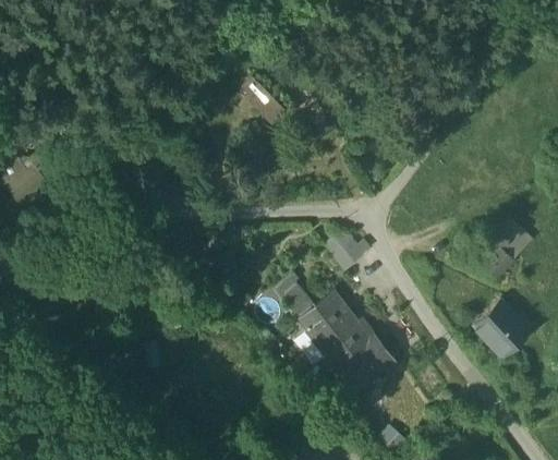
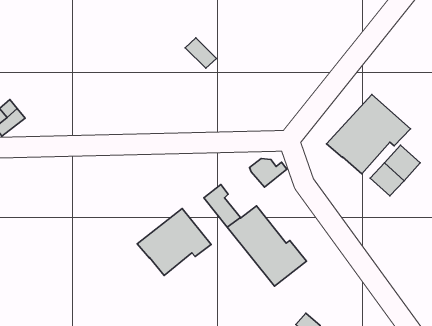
building: none -> [327,94,410,174]
building: none -> [137,208,211,275]
building: [473,300,533,360] -> none

